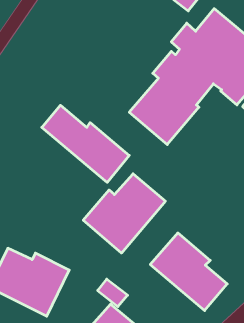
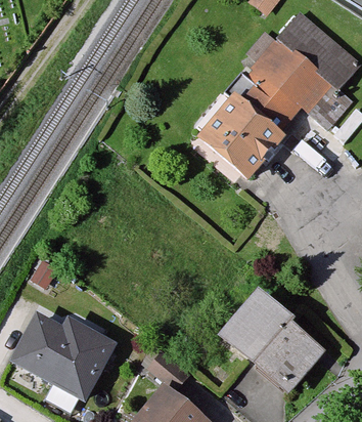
building: [42,105,129,182] -> none
building: [83,174,165,253] -> none

